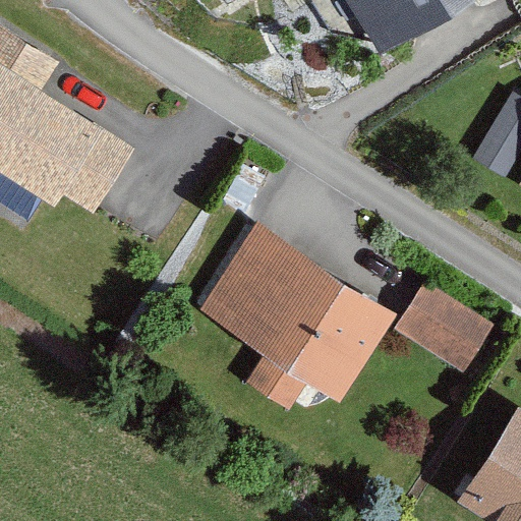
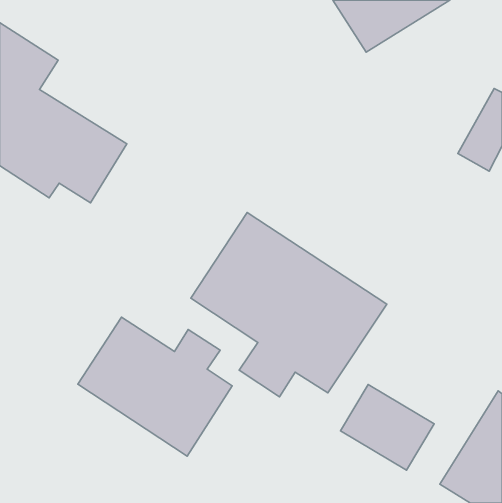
building: [394,284,490,372] -> [341,385,434,470]
building: none -> [78,317,232,456]

